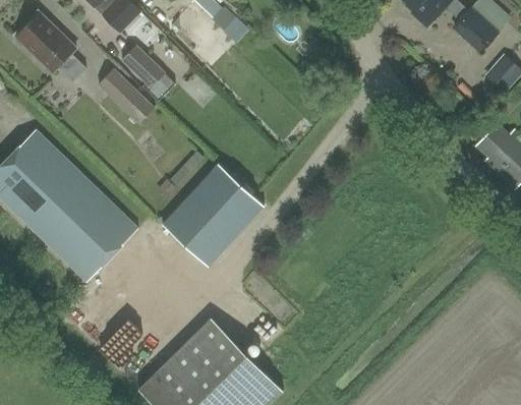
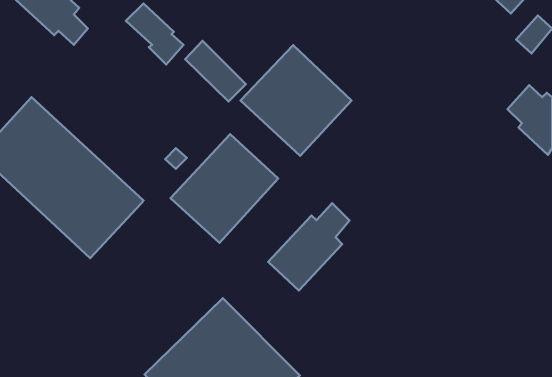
building: [97,66,154,123] -> [185,41,246,102]
building: none -> [241,45,352,156]
building: none -> [268,203,350,291]

